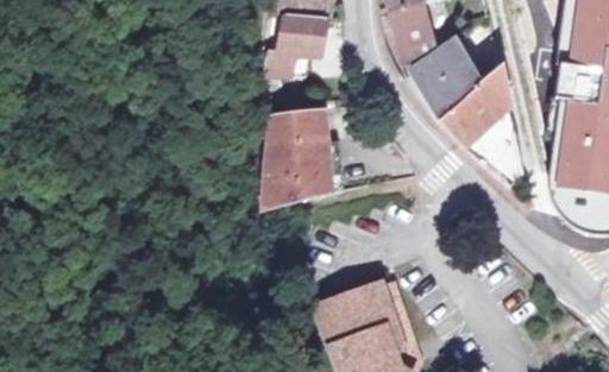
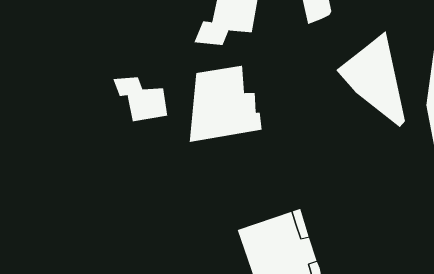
building: [410,38,472,109] -> none
building: none -> [112,76,168,122]

